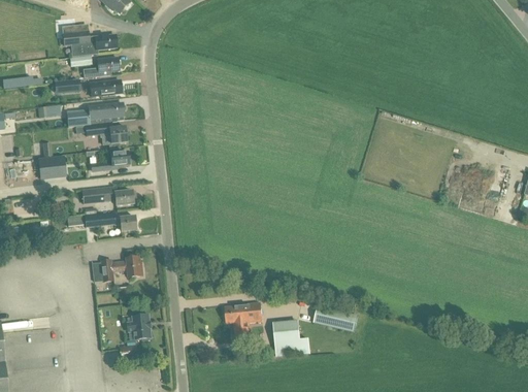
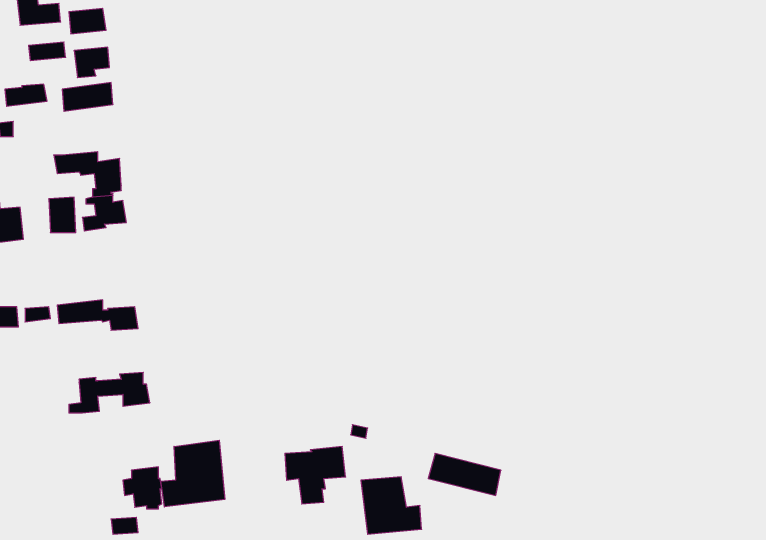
building: [66,102,126,125] -> none
building: [82,186,135,204] -> none
building: none -> [161,440,225,507]

